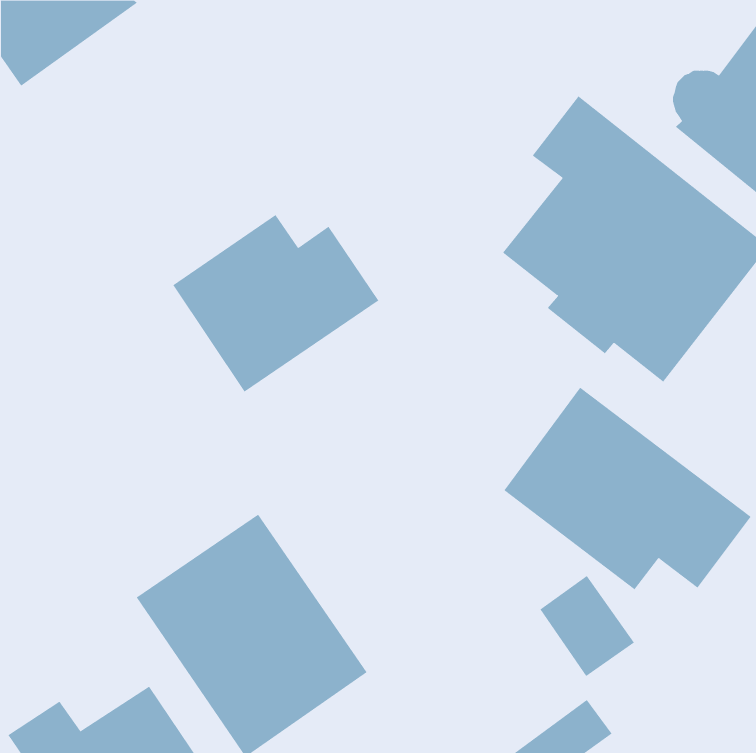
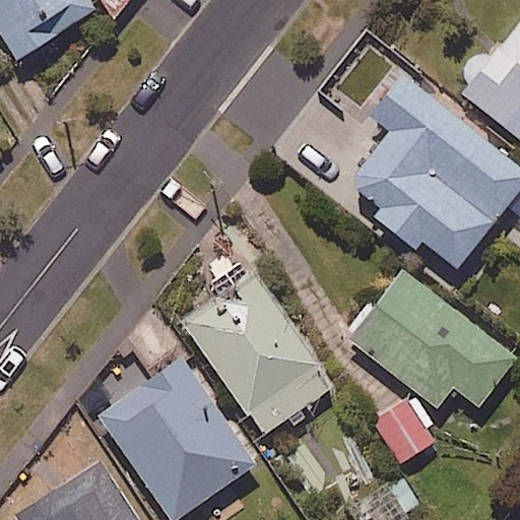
building: [173,214,379,392] -> none
building: none -> [182,270,332,437]

